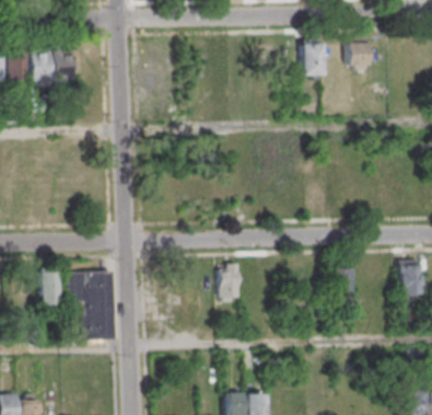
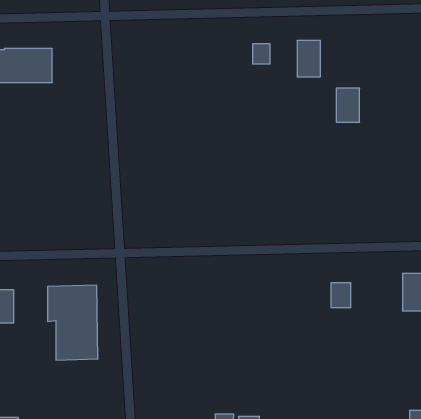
building: [348,38,370,70] -> [336,88,360,122]
building: [221,265,241,302] -> none
building: [42,272,59,306] -> none

